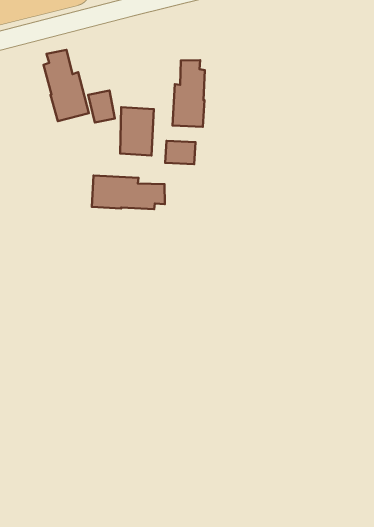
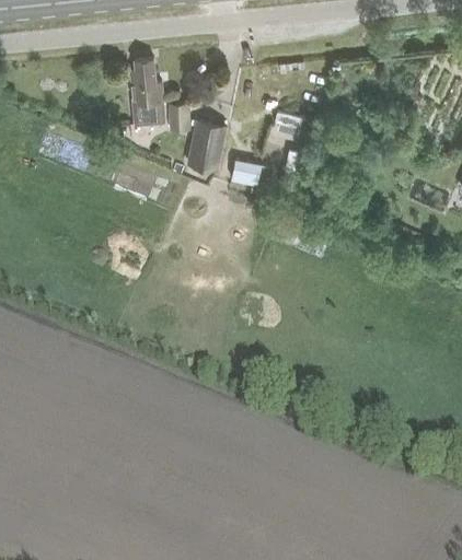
building: [173,60,205,127] -> none
building: [92,176,165,209] -> none

